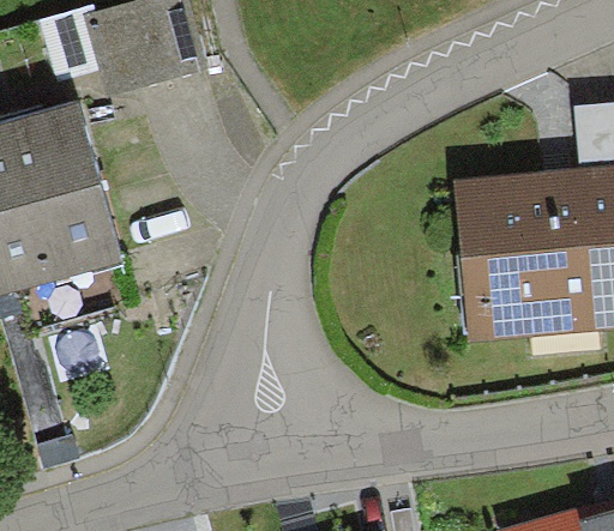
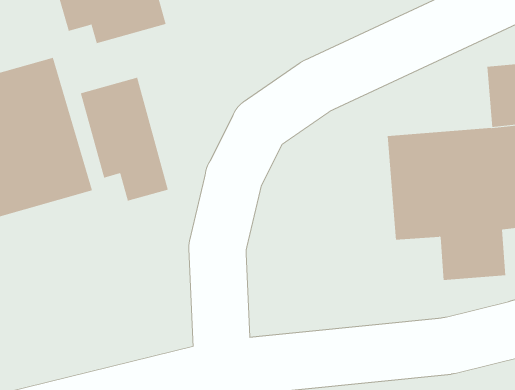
building: none -> [80,77,168,201]

